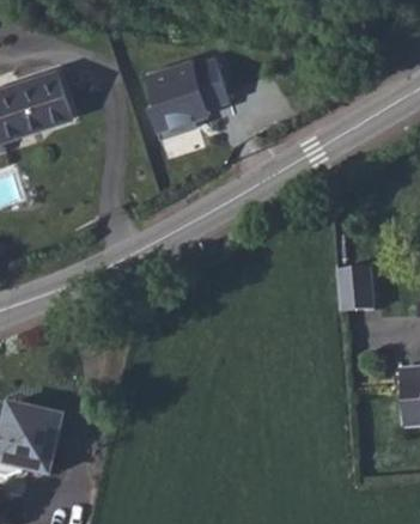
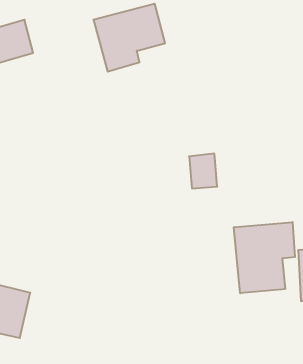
building: [336,262,372,306] -> [189,154,217,188]
building: none -> [234,222,295,293]

